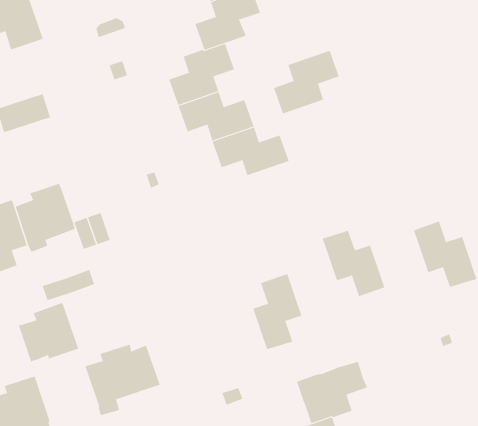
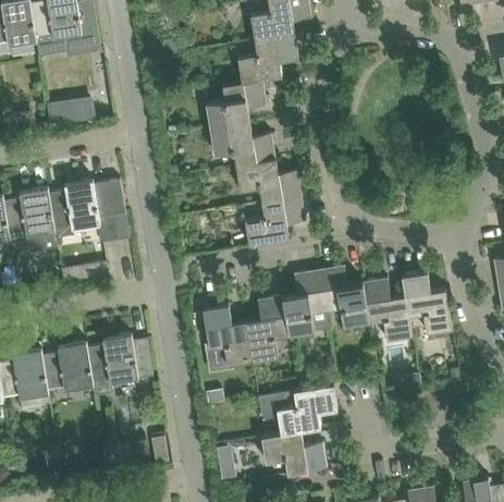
building: [273,50,339,114] -> [245,196,306,246]
building: none -> [94,181,125,218]
building: none -> [361,277,411,340]
building: none -> [283,270,329,336]
building: none -> [202,305,253,366]
building: [18,302,79,362] -> [42,342,94,391]

